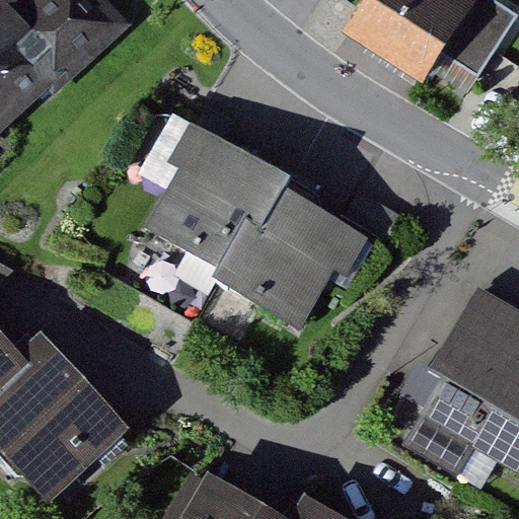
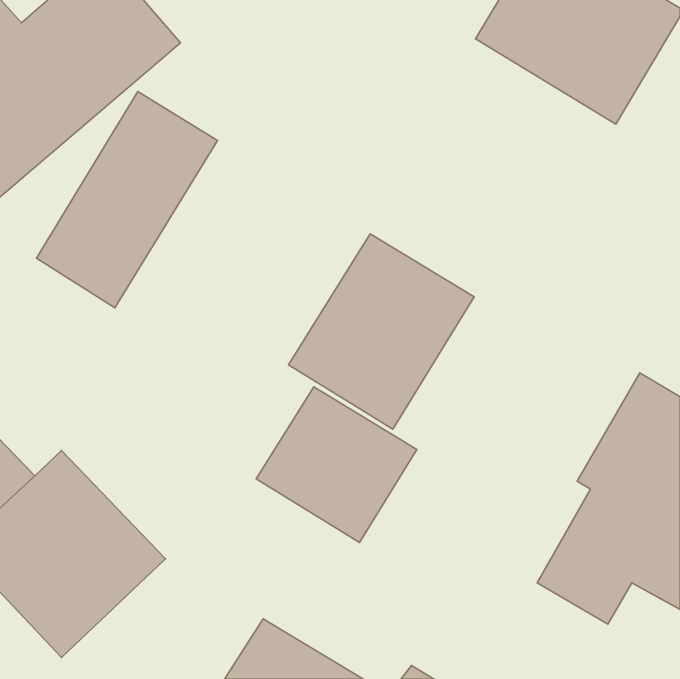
building: none -> [37,92,217,308]
building: [138,128,281,277] -> none
building: none -> [256,387,417,543]

